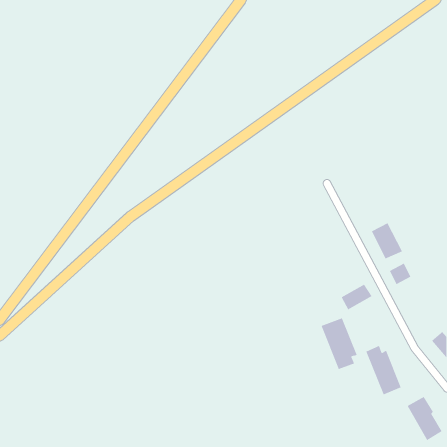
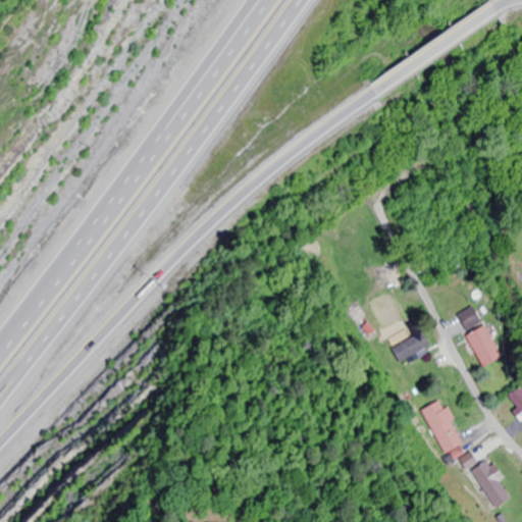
building: [371,222,403,259] -> [461,324,498,367]
building: [321,317,358,370] -> none

